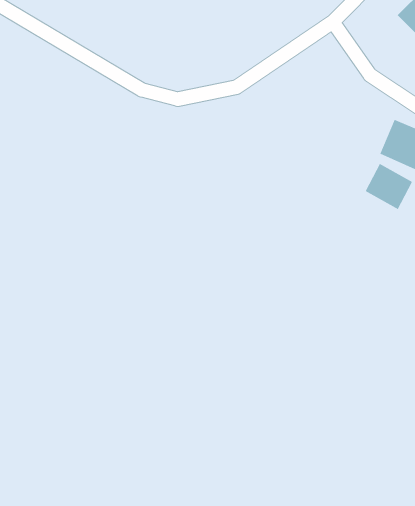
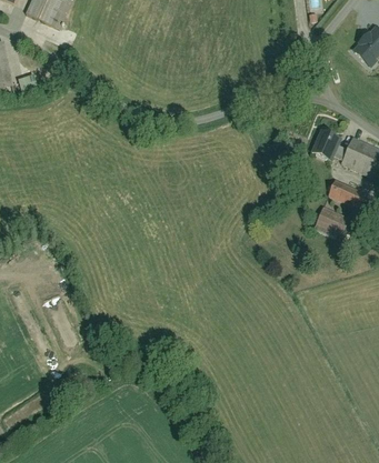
building: none -> [313,128,342,161]
building: none -> [313,207,347,235]

